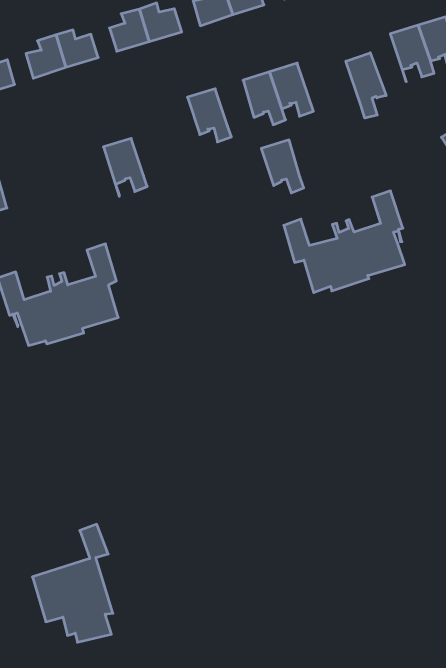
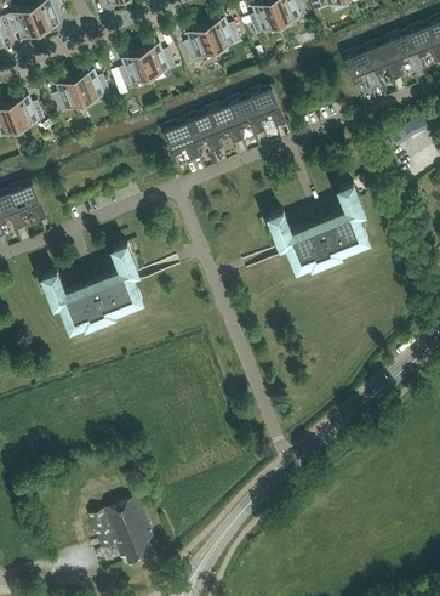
building: [346,53,386,118] -> none
building: [103,138,147,196] -> [162,120,200,168]
building: [261,140,304,193] -> [206,103,242,146]

